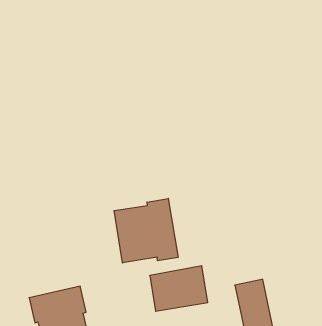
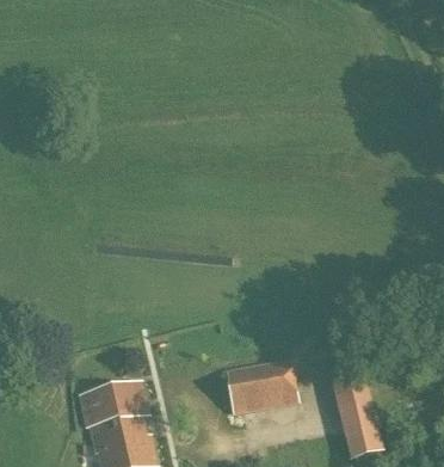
building: [114,198,178,263] -> none

